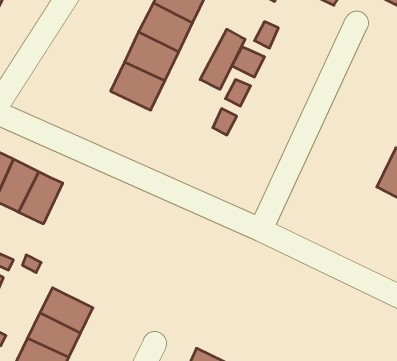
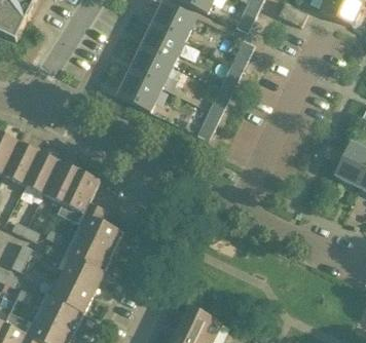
building: [200,29,245,89] -> none
building: none -> [57,169,99,224]
building: none -> [70,204,122,271]

